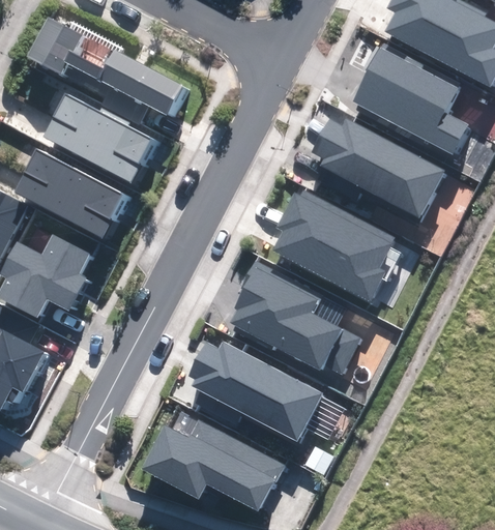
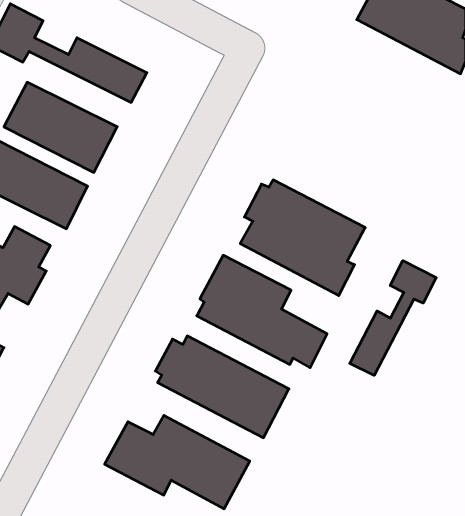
building: [352,48,466,153] -> none
building: [315,121,443,217] -> none
building: none -> [350,261,436,375]

